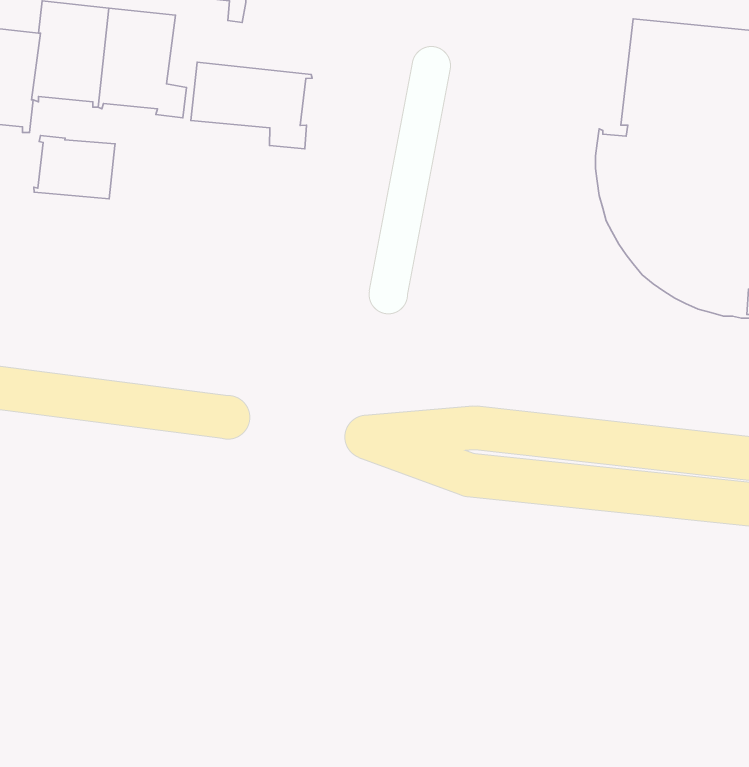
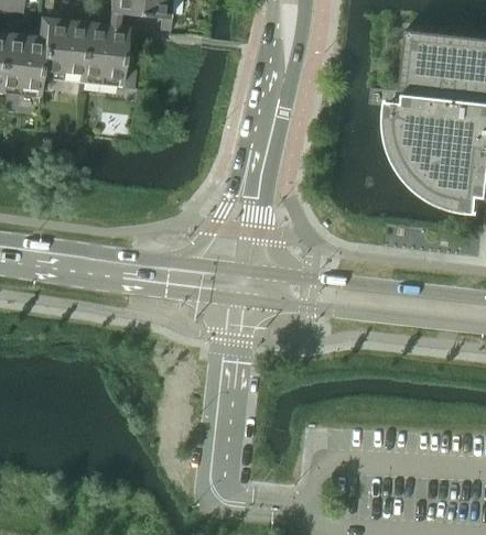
building: [191,62,312,149] -> none
building: [34,136,115,199] -> none

